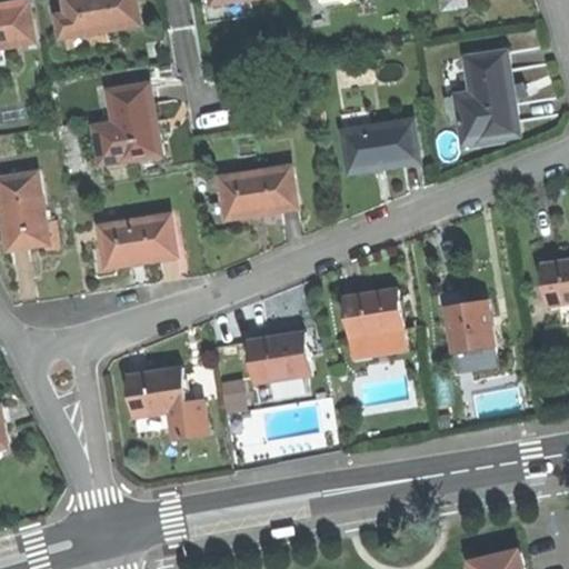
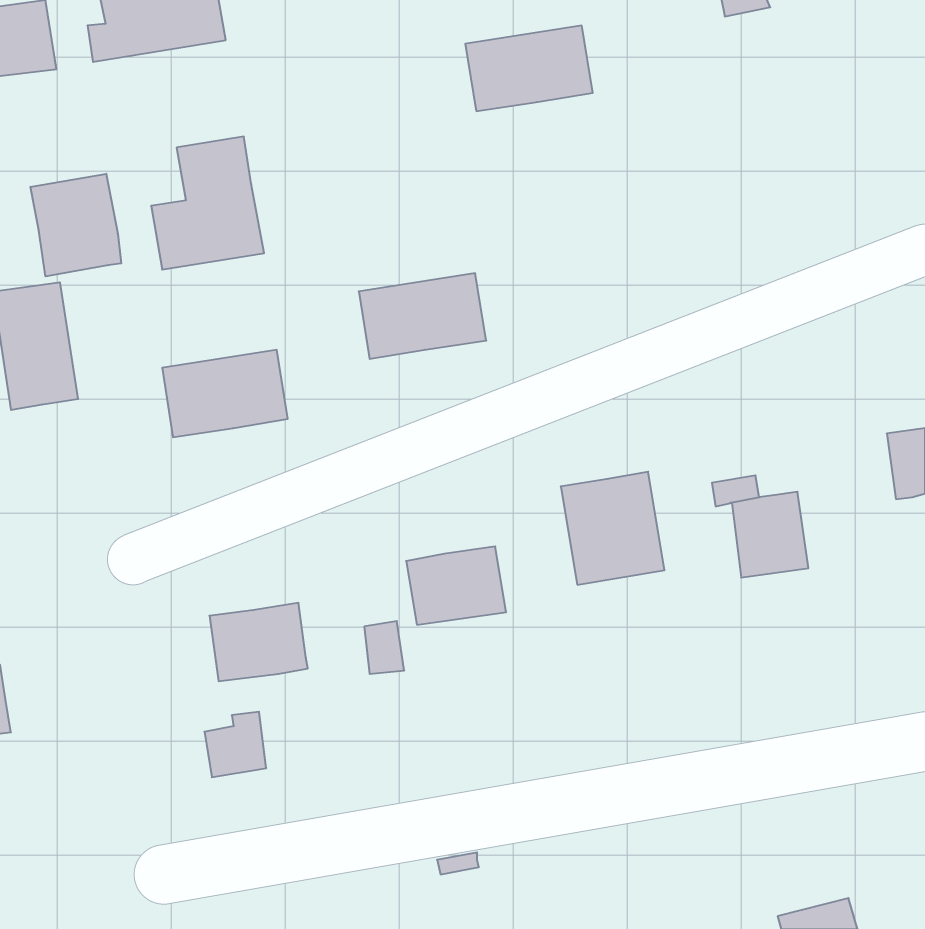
building: [455,51,519,143] -> none
building: none -> [31,174,121,276]
building: [341,120,419,172] -> [465,26,593,111]
building: [170,399,208,439] -> [204,712,266,777]

